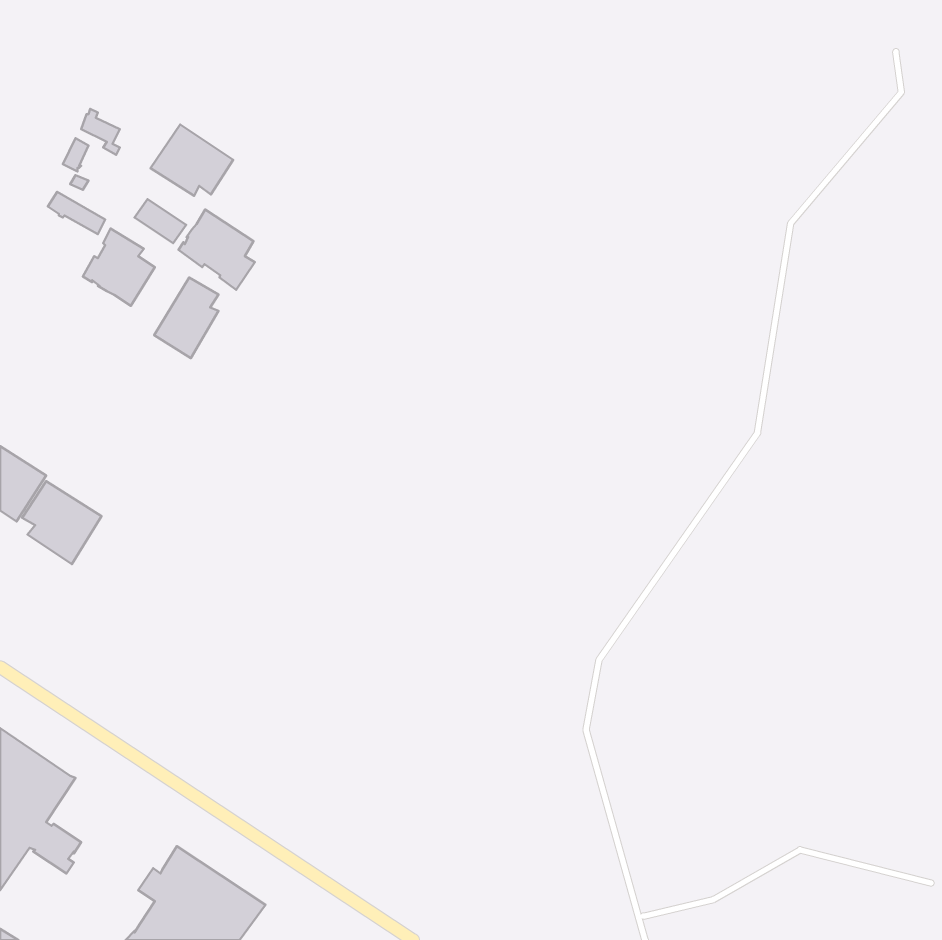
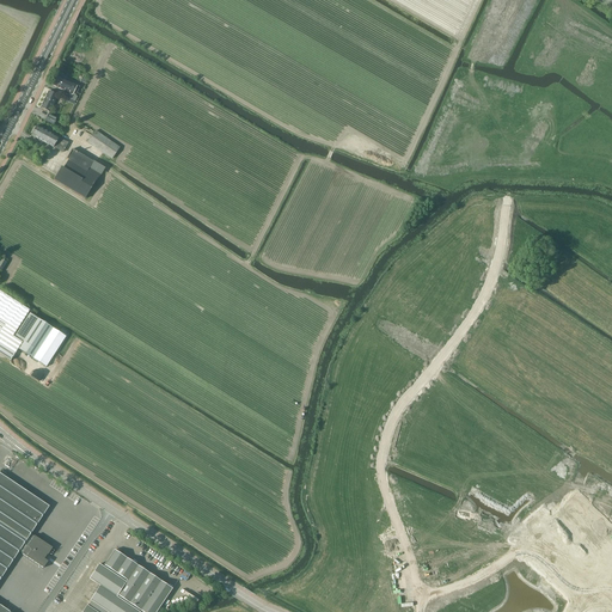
building: [151,125,233,196] -> none
building: [178,209,255,290] -> none
building: [154,277,218,358] -> none

